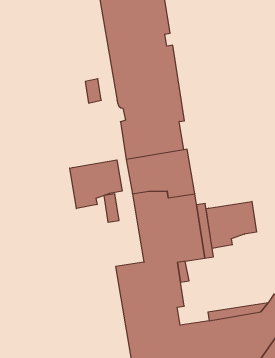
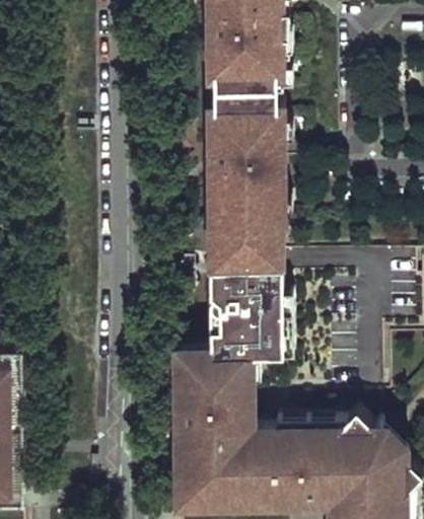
building: [70,160,122,209] -> none
building: [206,201,256,248] -> none

